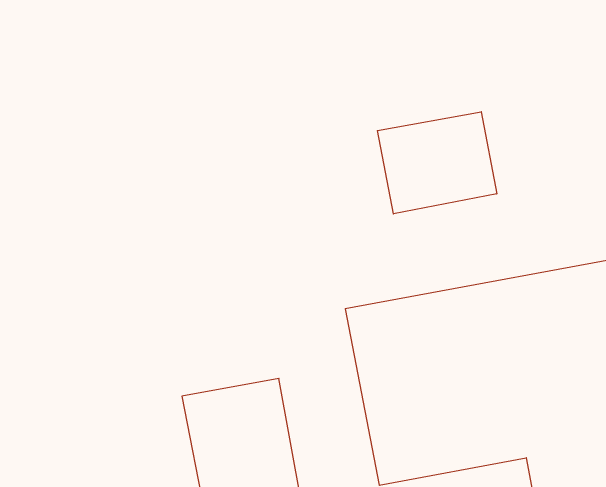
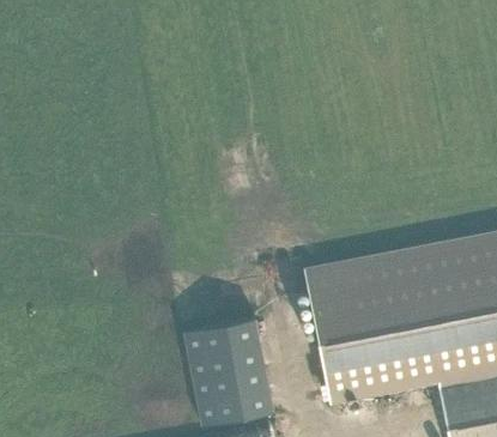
building: [377,112,497,214] -> none

